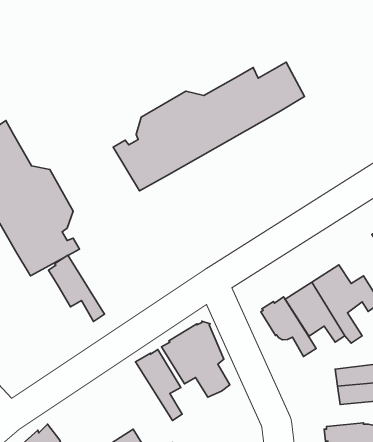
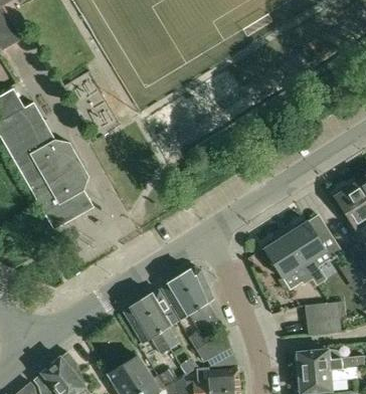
building: [113,62,305,191] -> none
building: [48,255,105,321] -> [124,301,170,355]
building: [261,297,316,357] -> none
building: none -> [196,332,233,361]

